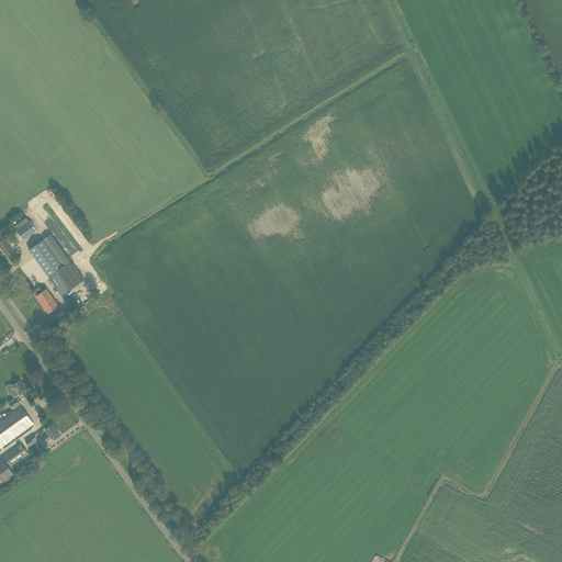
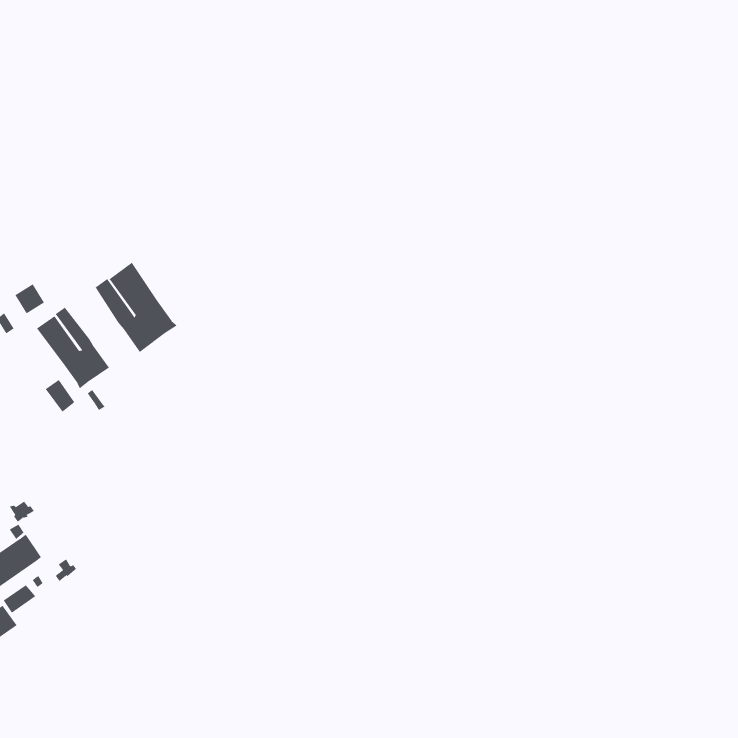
building: none -> [95,262,177,353]

